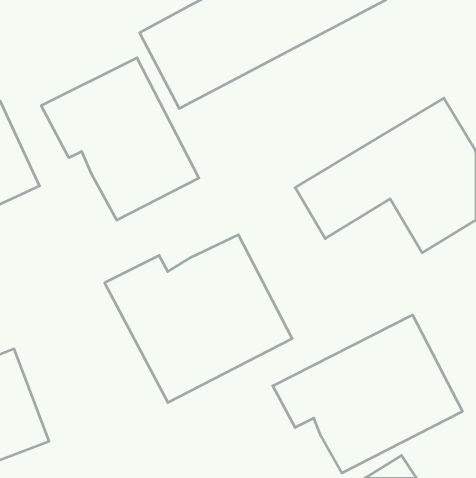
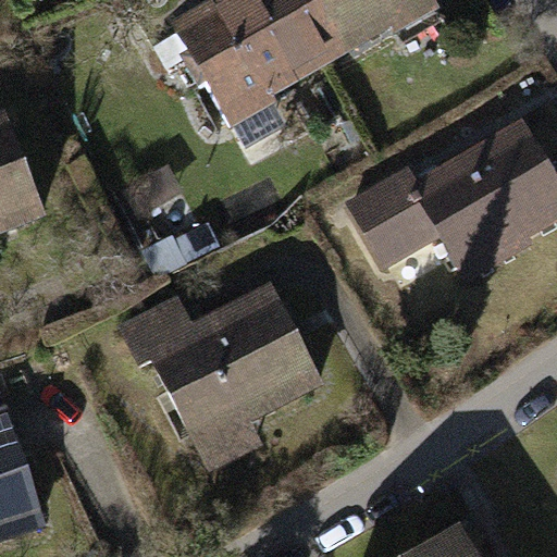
building: [41,58,199,220] -> none
building: [273,315,462,473] -> none

